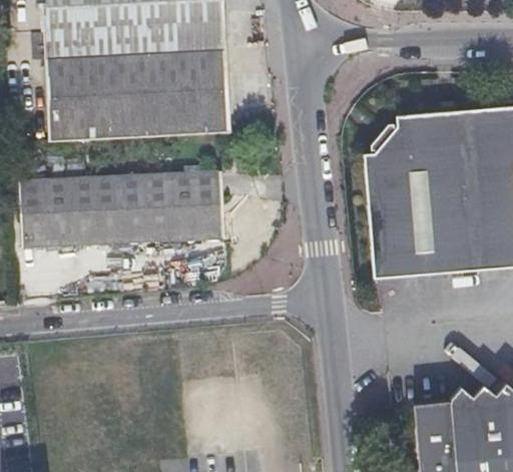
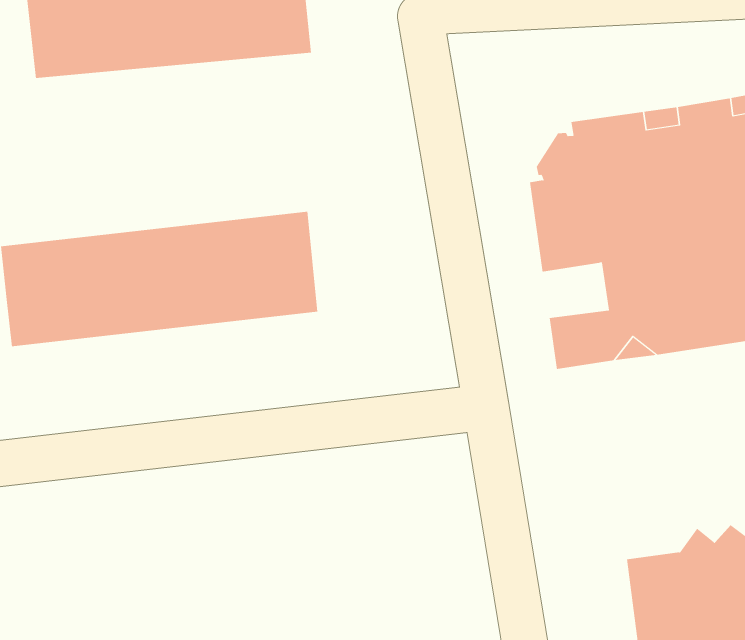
building: [46,64,230,140] -> none
building: [370,211,412,246] -> none

